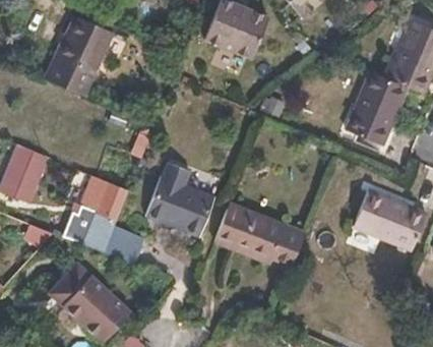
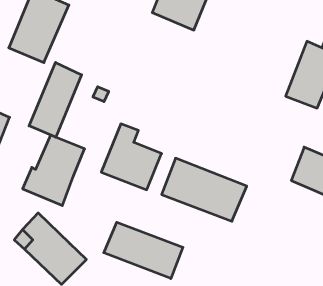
building: none -> [29,62,82,137]
building: [105,219,146,263] -> none
building: none -> [104,222,183,279]

